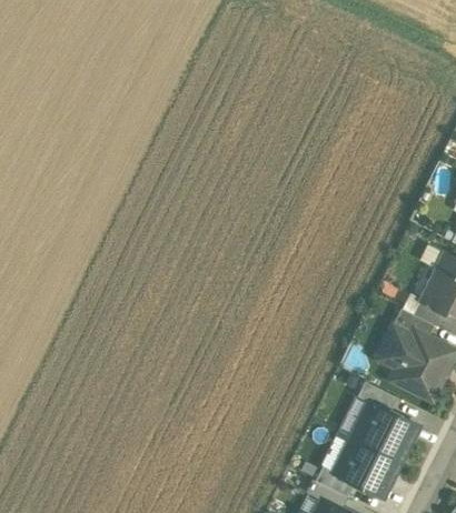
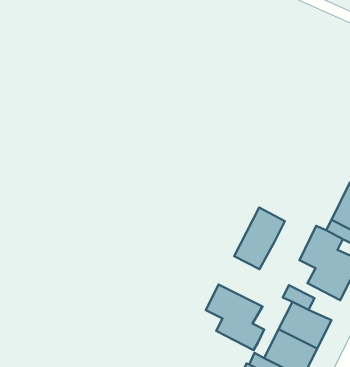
building: none -> [234,208,285,269]
building: none -> [206,285,264,350]

